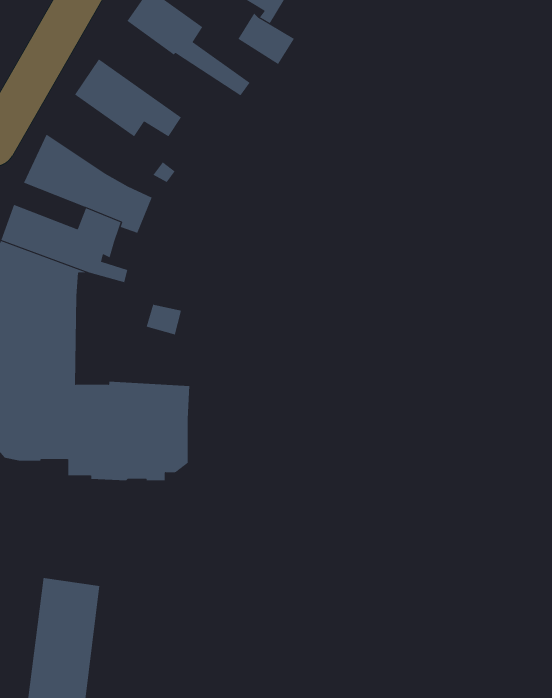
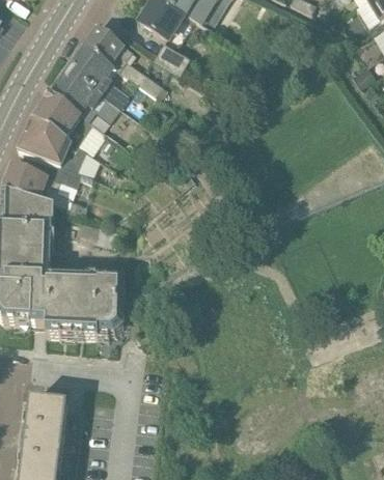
building: none -> [65,45,128,106]
building: none -> [32,91,91,149]

